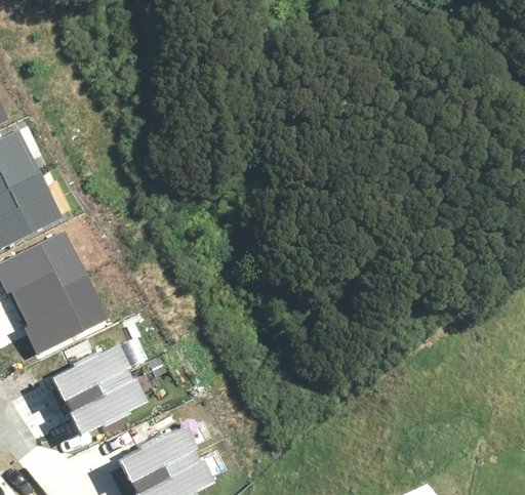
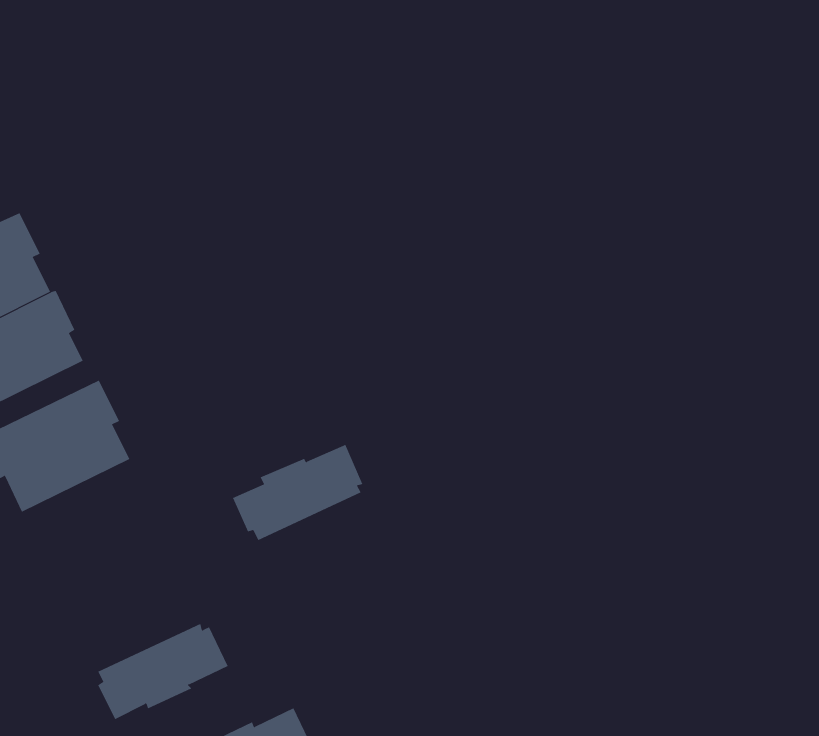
building: [22,277,106,355] -> none
building: [51,346,129,404] -> [232,444,363,541]

